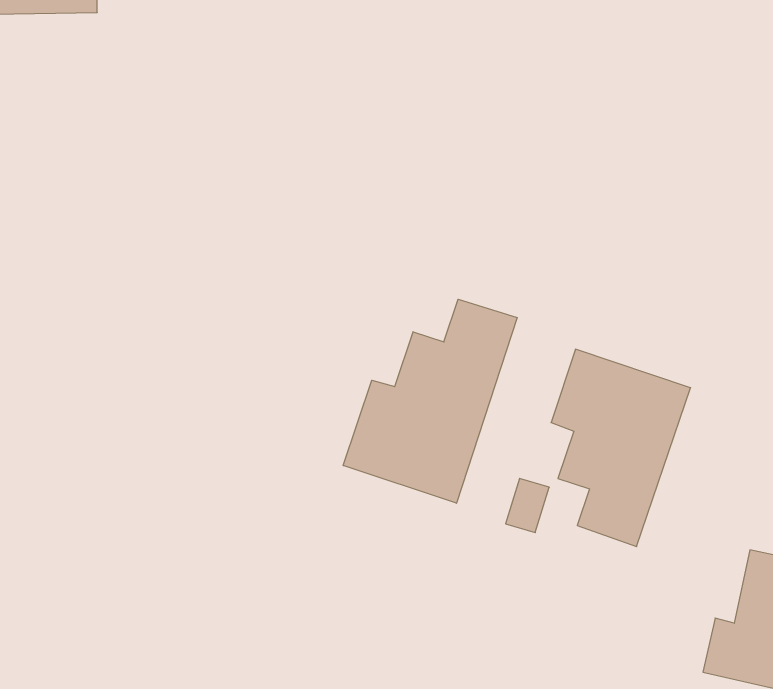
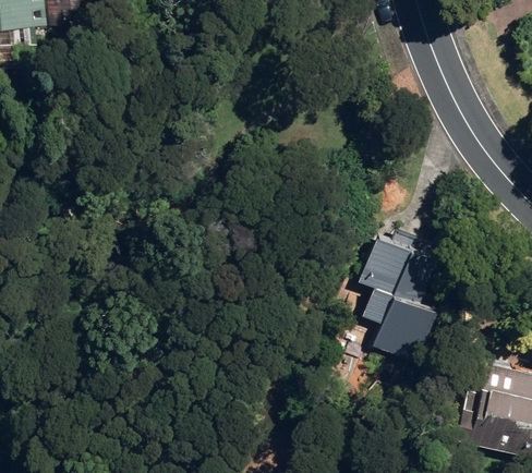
building: [343,299,517,503] -> none

